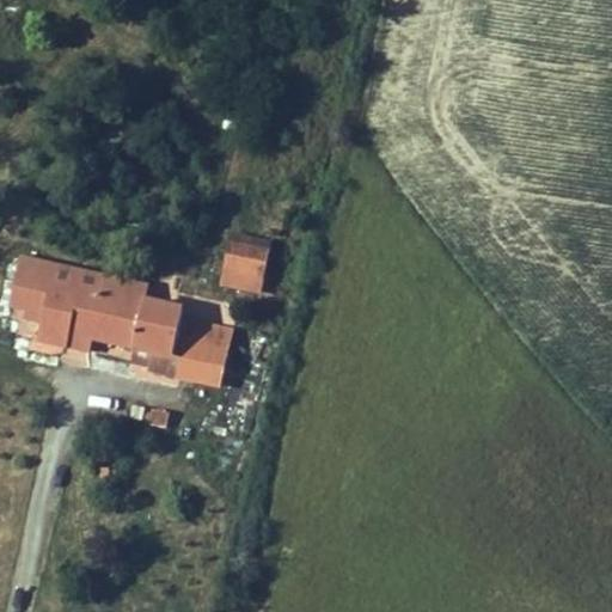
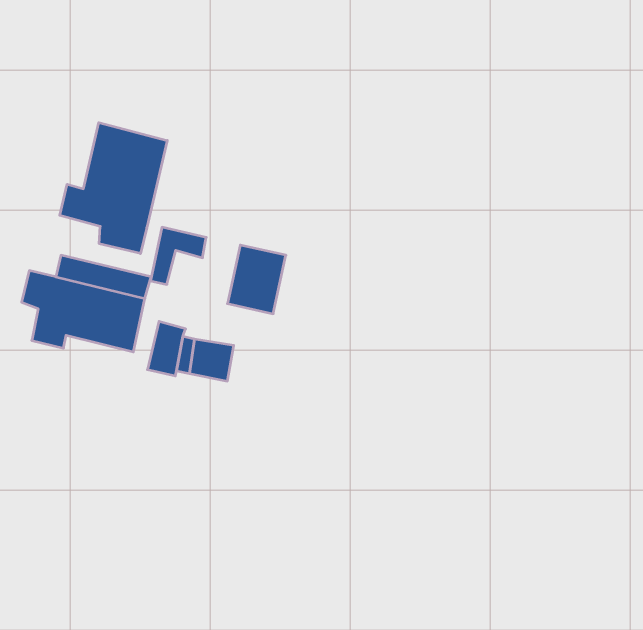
building: none -> [60,123,167,254]
building: [126,299,178,353] -> [150,227,206,284]

